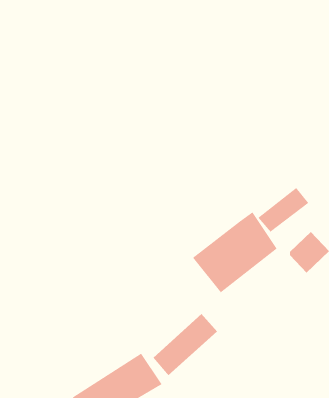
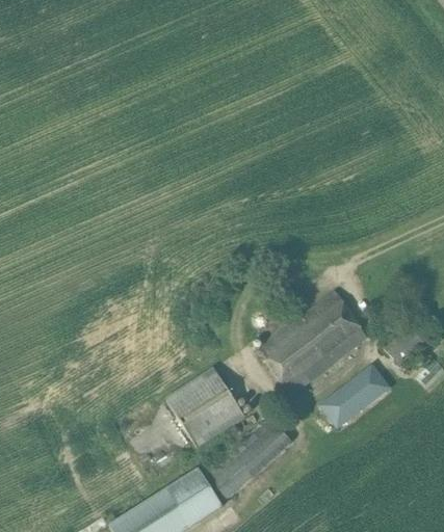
building: [258,187,309,233] -> [325,362,390,419]
building: none -> [165,368,244,448]

